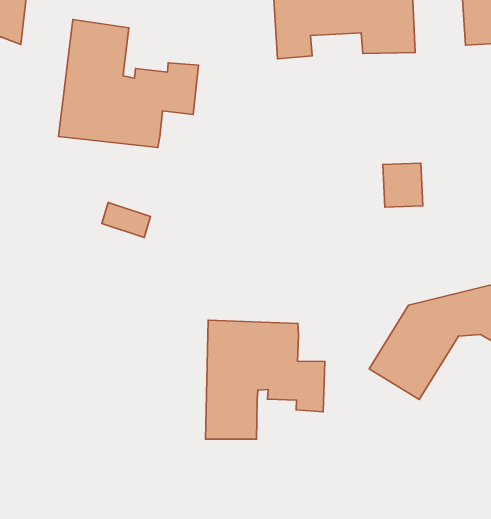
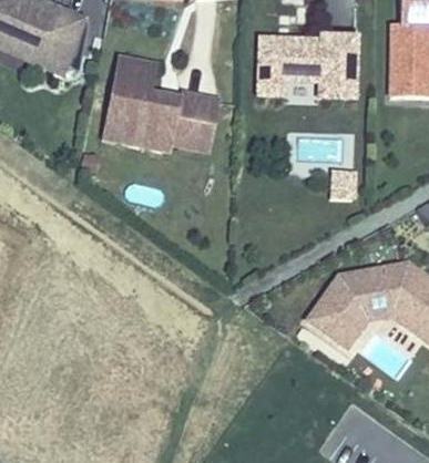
building: none -> [173,93,219,147]
building: [205,320,325,439] -> none

